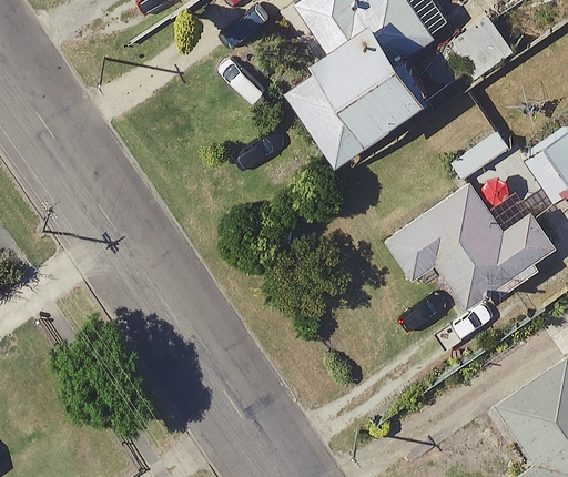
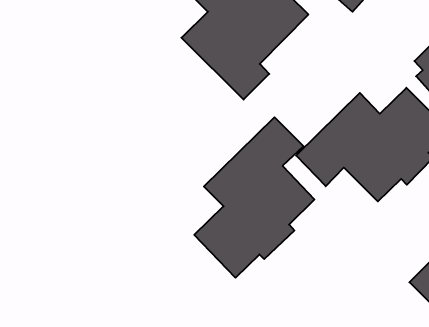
building: none -> [194,117,314,278]

